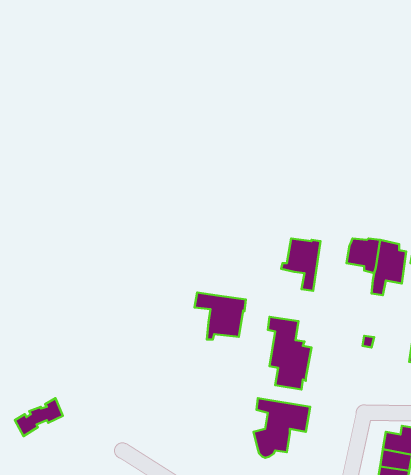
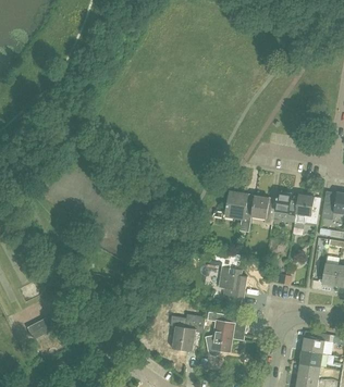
building: none -> [251,194,277,223]
building: [195,292,246,340] -> none
building: none -> [170,314,205,351]

